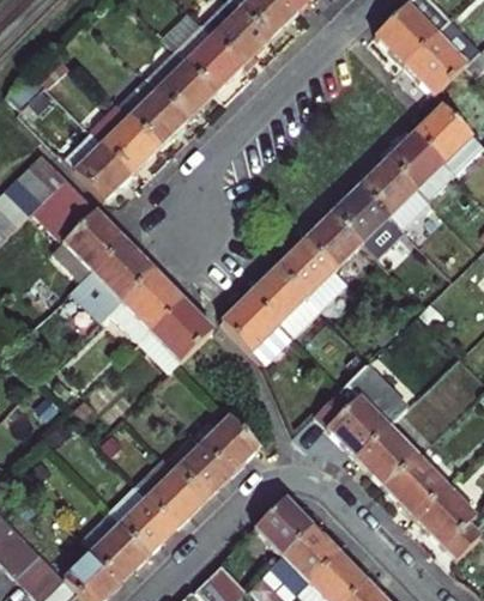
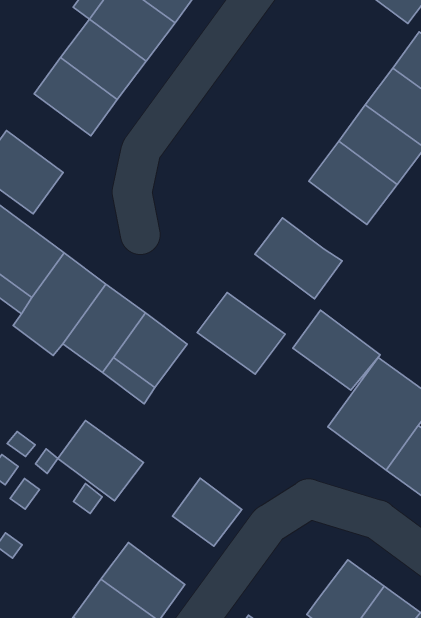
building: [92,103,161,171] -> none
building: [307,211,363,268] -> none
building: [252,263,322,333] -> [293,310,380,390]
building: [205,413,262,471] -> none
building: [138,455,207,524] -> [58,421,143,501]
building: [255,494,315,554] -> none

